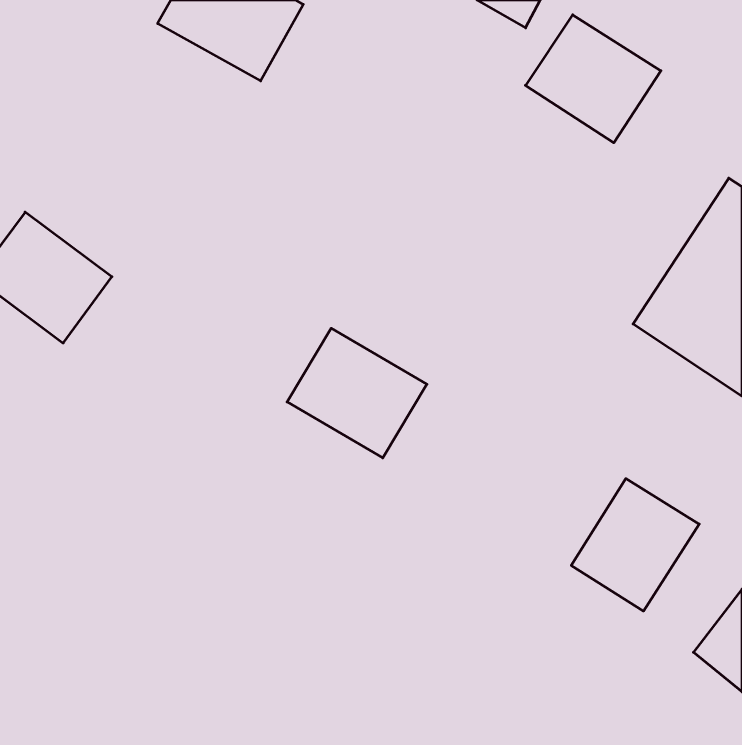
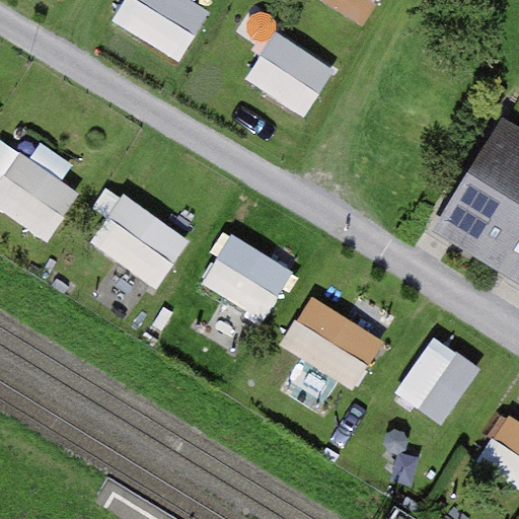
building: [525,15,661,143] -> [243,29,337,118]
building: none -> [87,193,189,288]
building: none -> [279,293,384,391]

